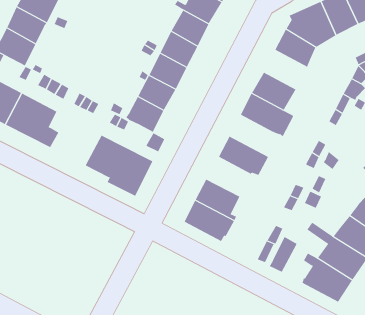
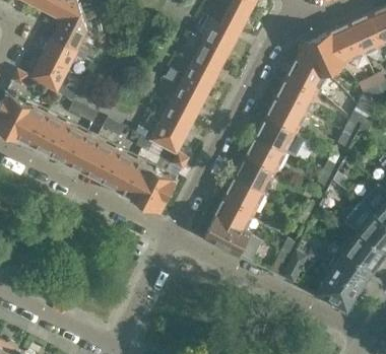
building: none -> [276,78,317,115]
building: none -> [79,135,127,185]
building: none -> [245,138,292,176]
building: none -> [223,176,265,213]

